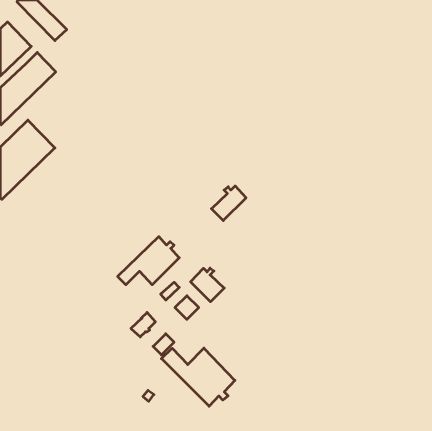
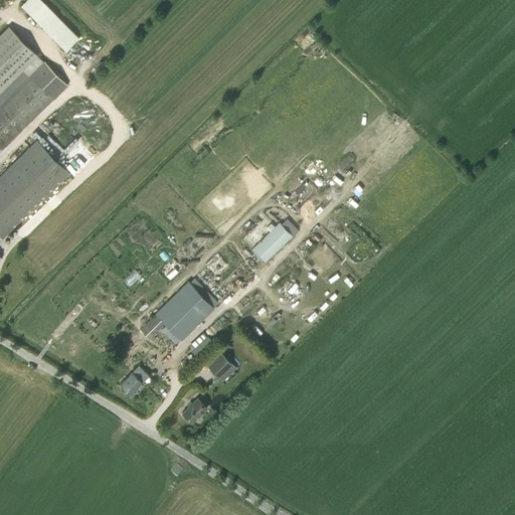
building: [191,268,224,302] -> none
building: [131,312,155,337] -> [120,365,149,394]
building: [161,348,235,406] -> none

